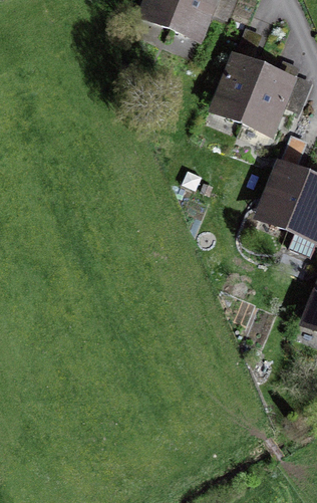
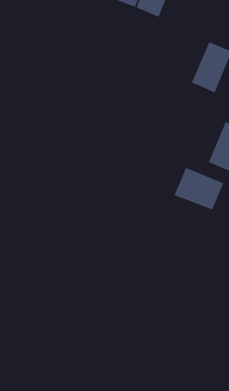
building: [215,58,263,120] -> none
building: none -> [174,167,224,210]

